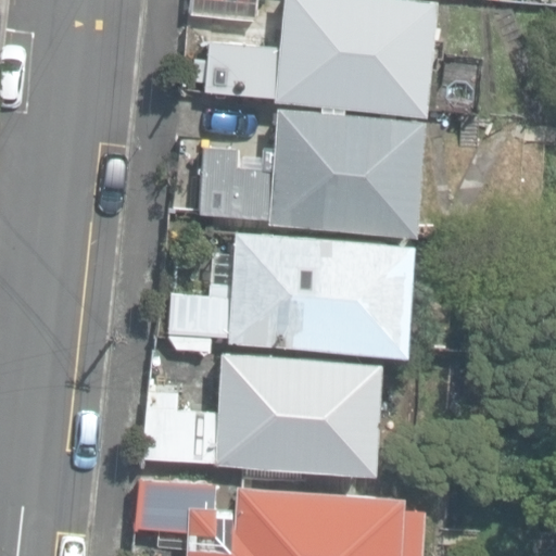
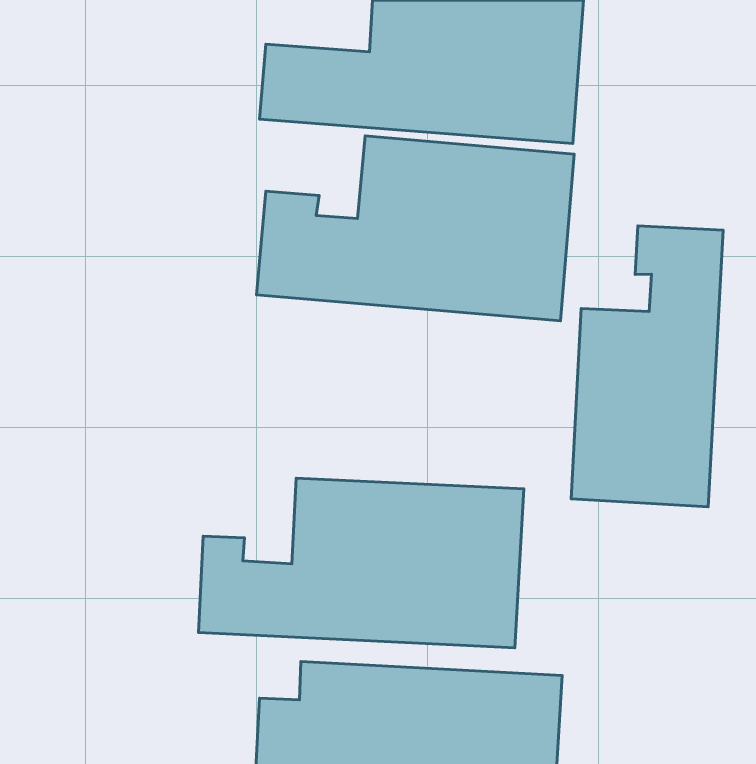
building: none -> [571,226,723,507]
building: [198,235,412,356] -> none

